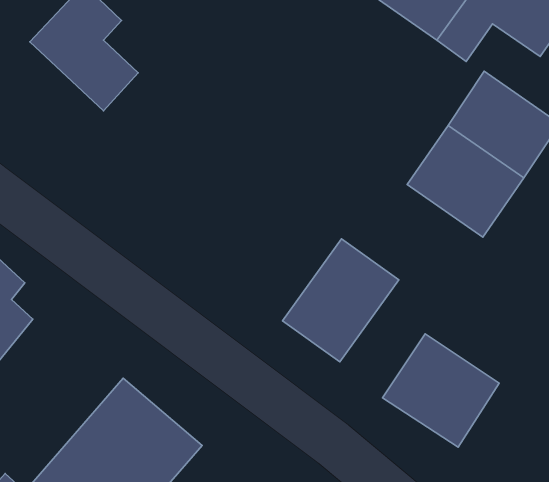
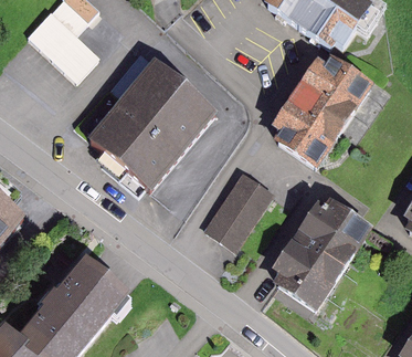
building: none -> [83,60,209,189]
building: none -> [290,189,369,261]

